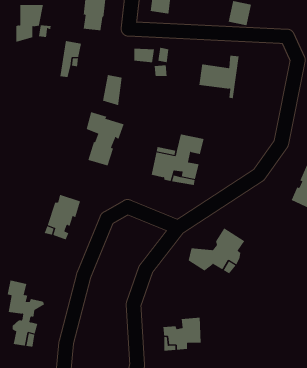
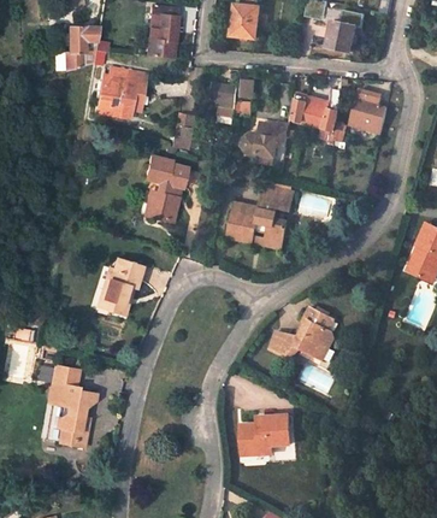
building: none -> [95,67,124,114]
building: none -> [347,90,385,134]
building: none -> [241,122,287,155]

